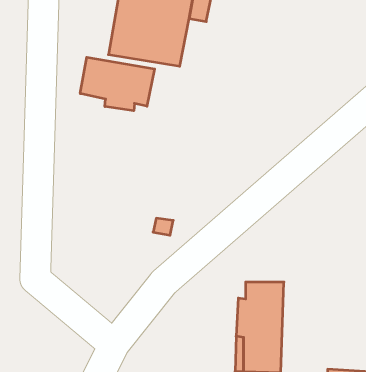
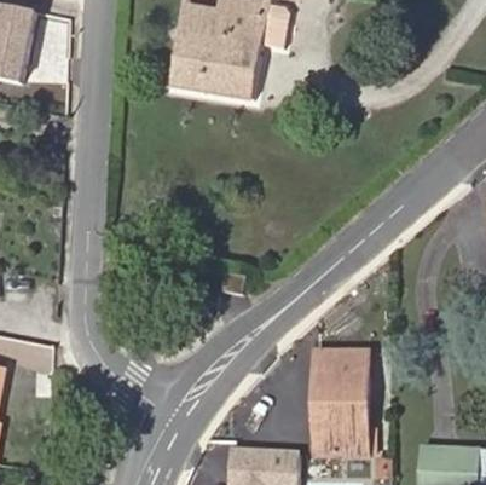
building: [80,57,155,111] -> none

